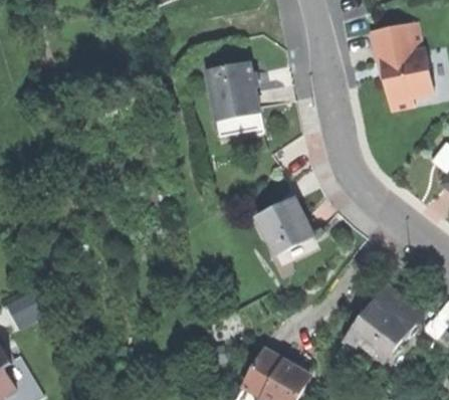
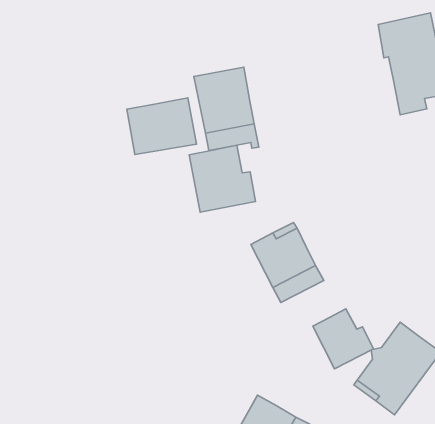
building: none -> [127,98,196,155]
building: none -> [189,145,255,212]
building: none -> [313,309,373,369]

